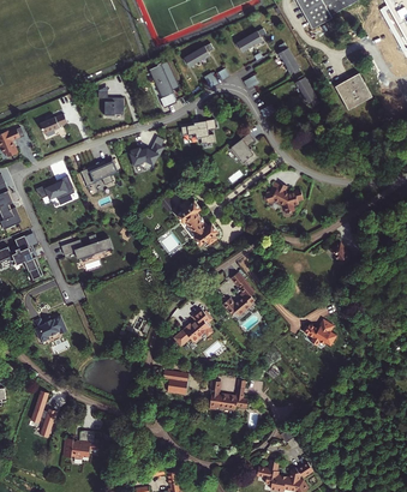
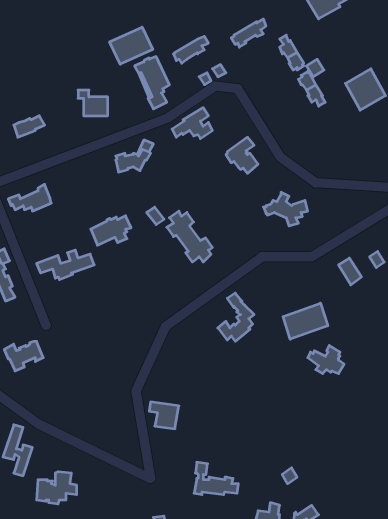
building: none -> [110,27,153,64]
building: [80,161,116,187] -> [91,216,131,245]
building: none -> [283,303,328,339]
building: [173,310,211,347] -> none
building: [208,382,247,410] -> [194,462,238,495]

